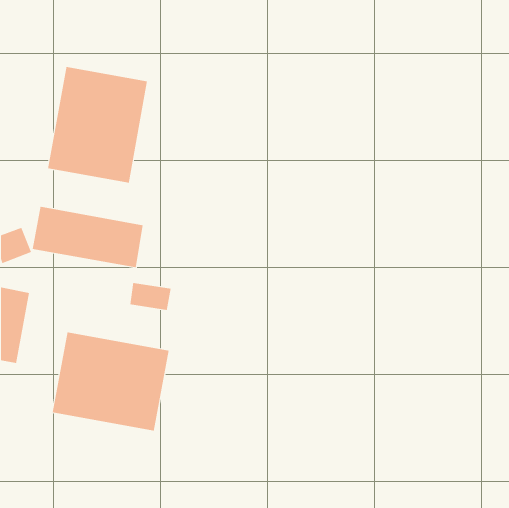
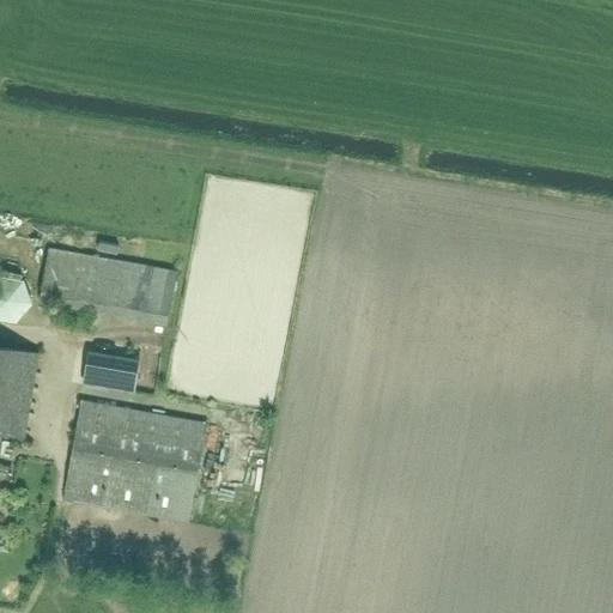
building: [48,66,148,184] -> none
building: [129,283,171,310] -> [86,353,136,387]

